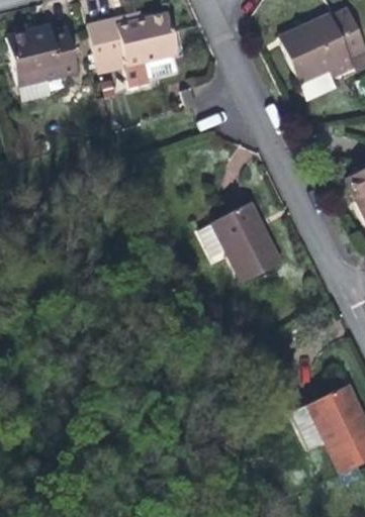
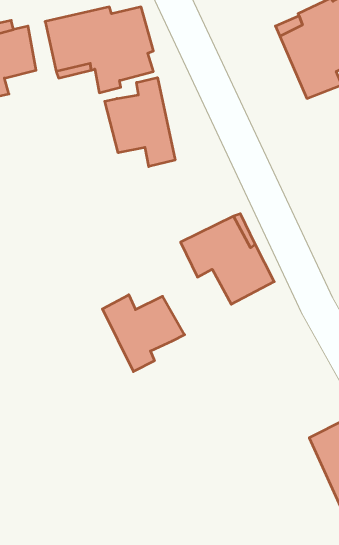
building: none -> [105,78,175,167]
building: none -> [102,295,185,372]

